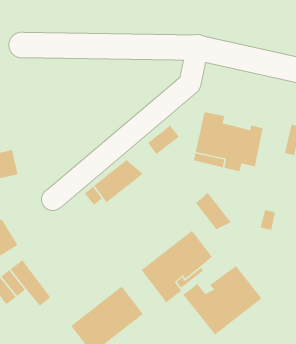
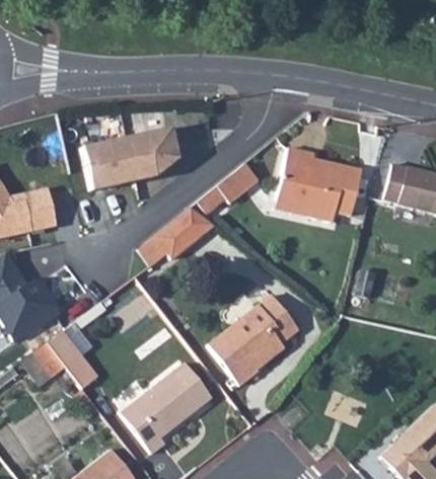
building: none -> [83,128,178,189]
building: [195,192,232,230] -> none
building: [182,265,263,336] -> none

